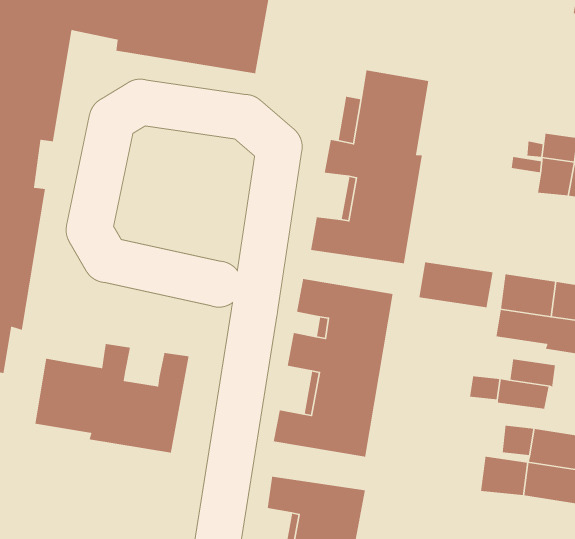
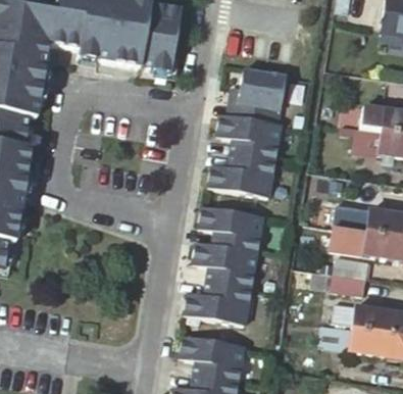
building: [419,261,493,308] -> none
building: [34,343,190,454] -> none

